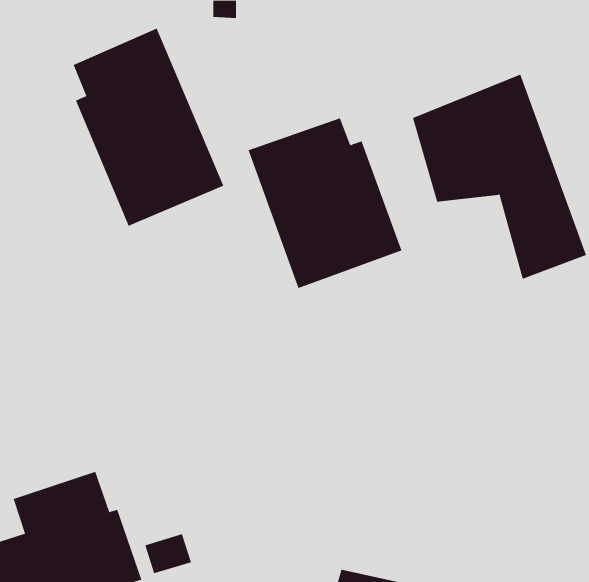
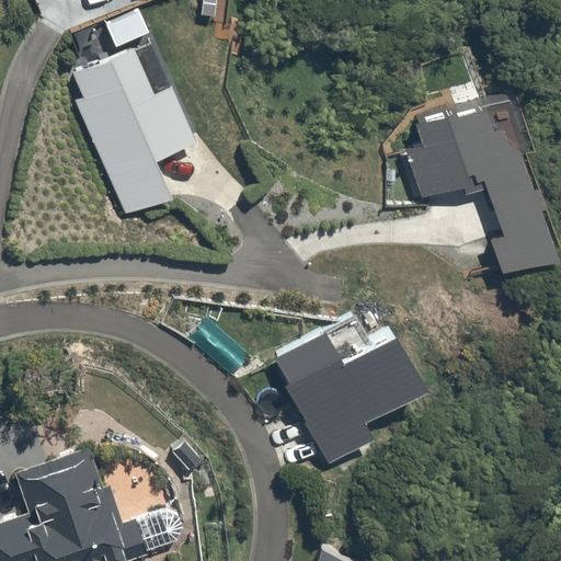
building: [248,117,402,289] -> none
building: none -> [276,322,443,468]

